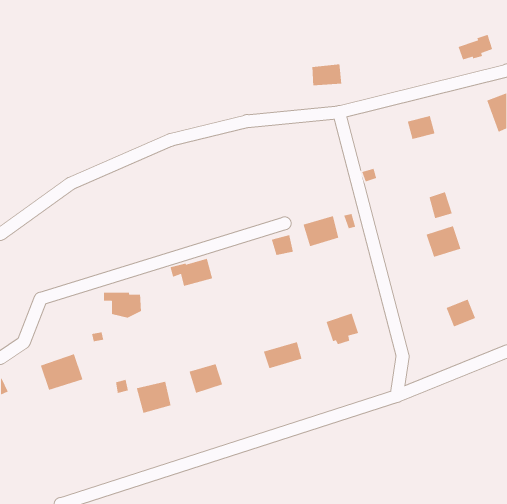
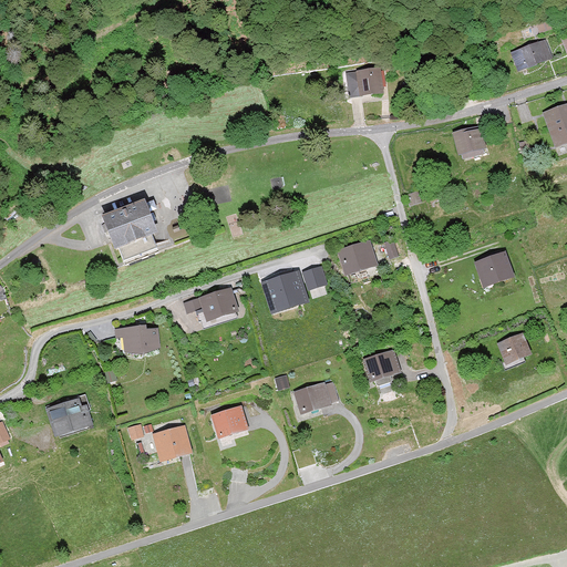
building: none -> [102,199,157,257]
building: [429,191,453,219] -> none
building: none -> [260,268,310,313]

